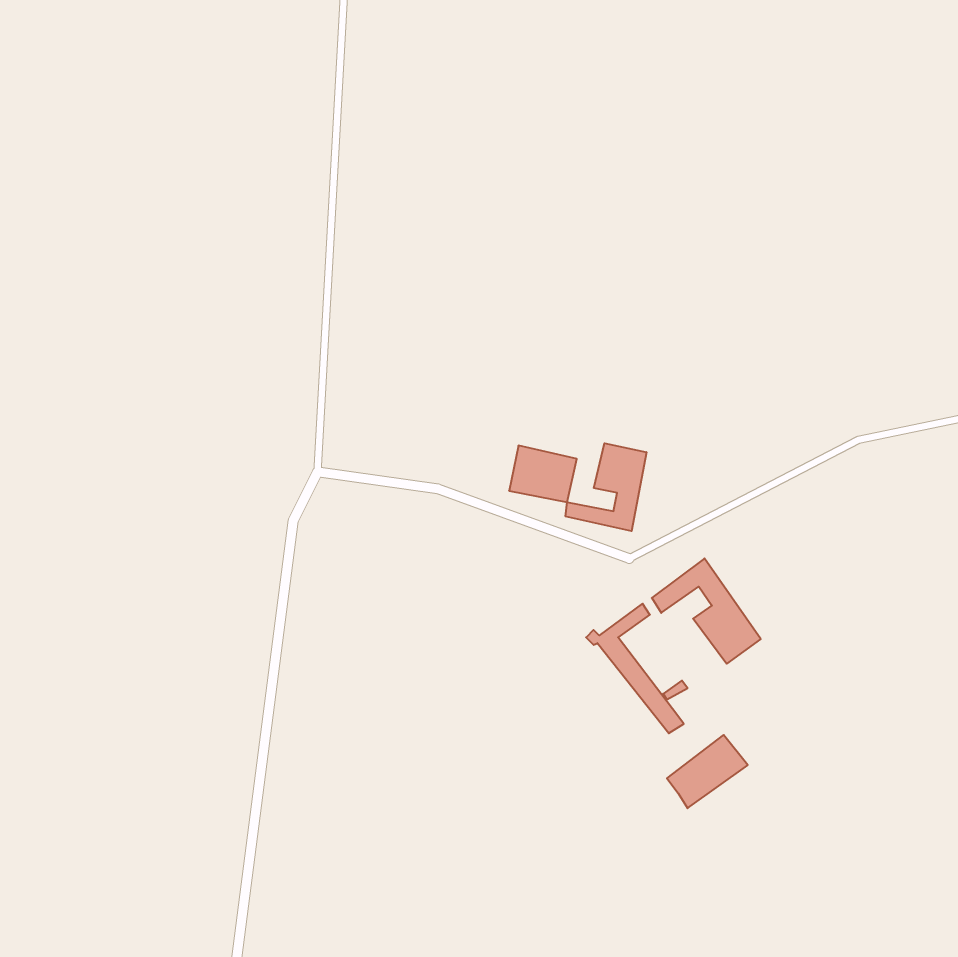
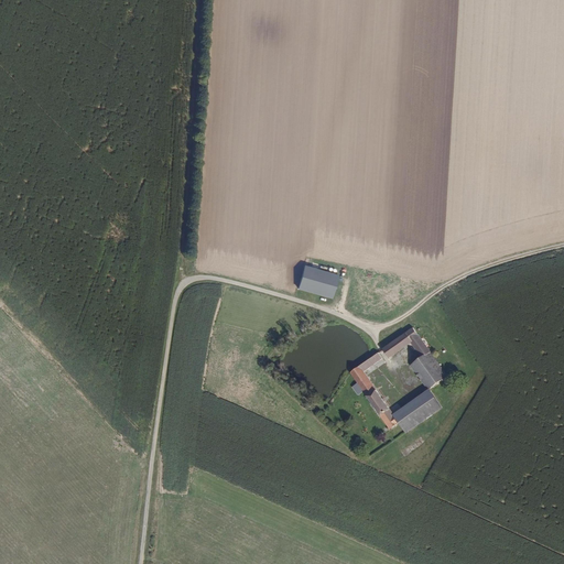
building: [566,443,646,531] -> none
building: [667,735,748,808] -> [394,390,442,433]

